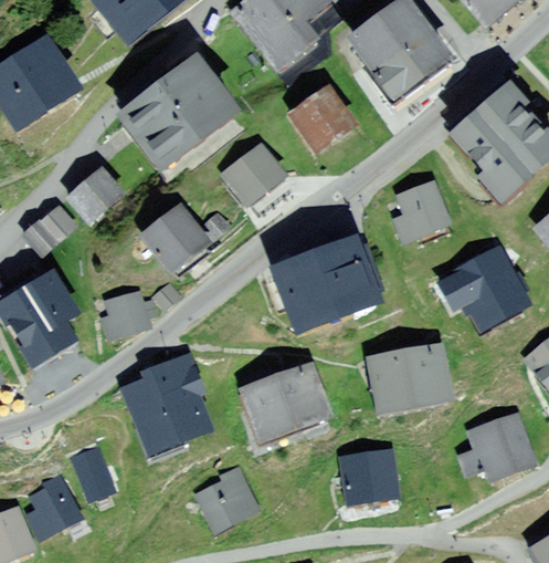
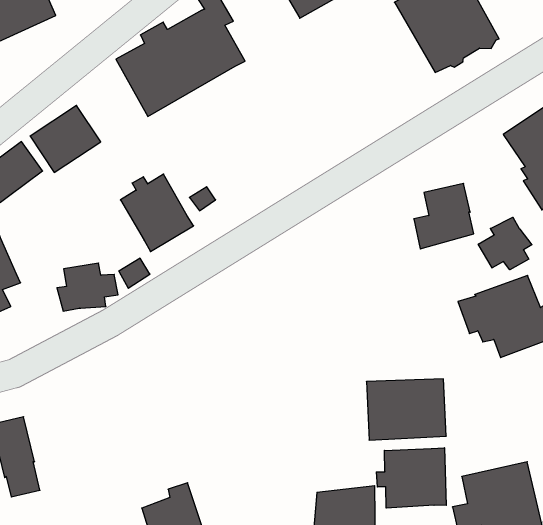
building: [291,87,353,150] -> none
building: [224,147,282,202] -> none
building: none -> [478,217,532,270]
building: [266,248,380,327] -> none
building: [127,356,204,448] -> none
building: [246,366,325,437] -> none
building: none -> [376,448,446,508]

